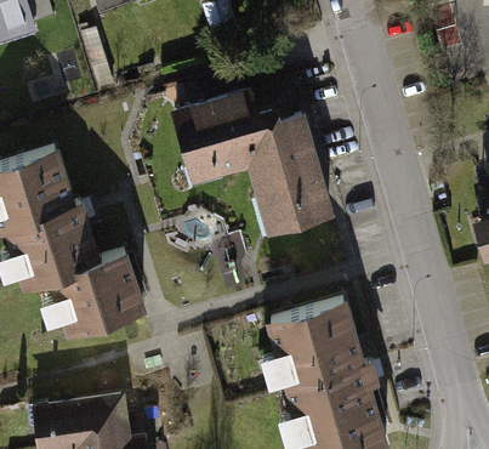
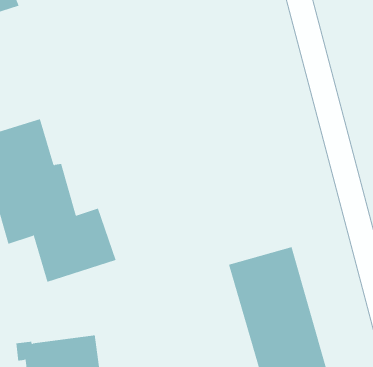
building: [192,80,353,239] -> none

